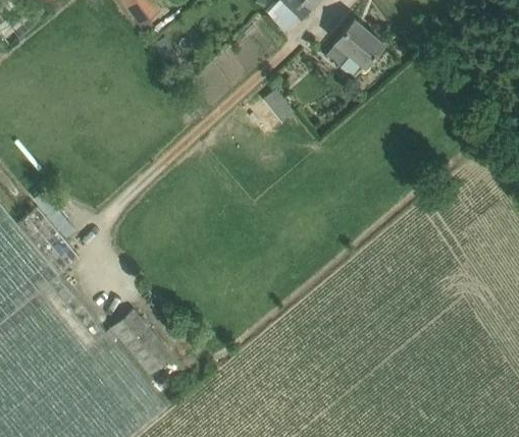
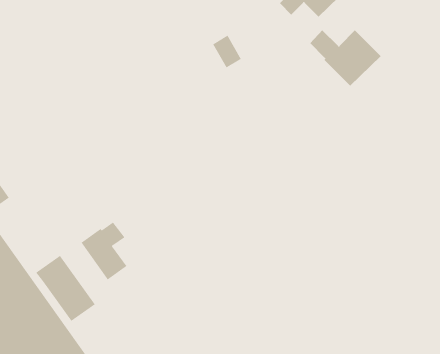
building: none -> [310,29,382,86]
building: none -> [81,221,127,280]

